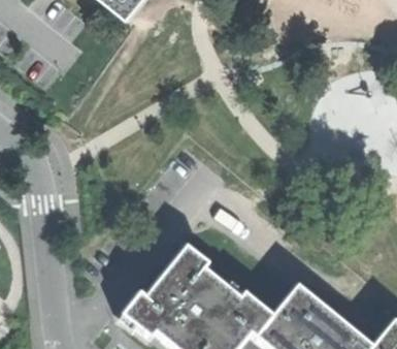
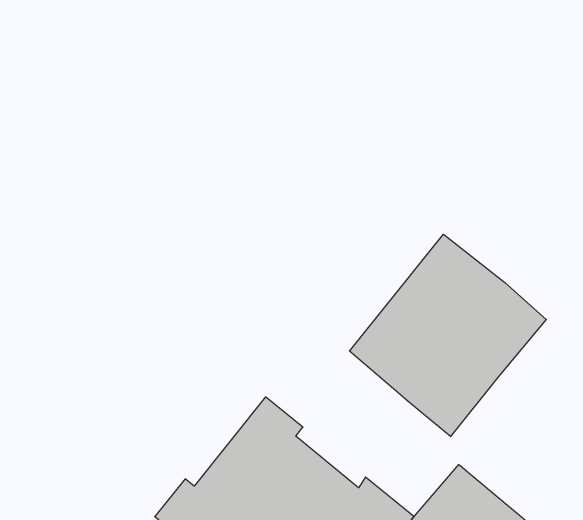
building: none -> [350,234,546,437]

